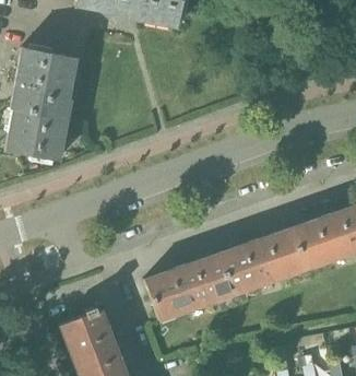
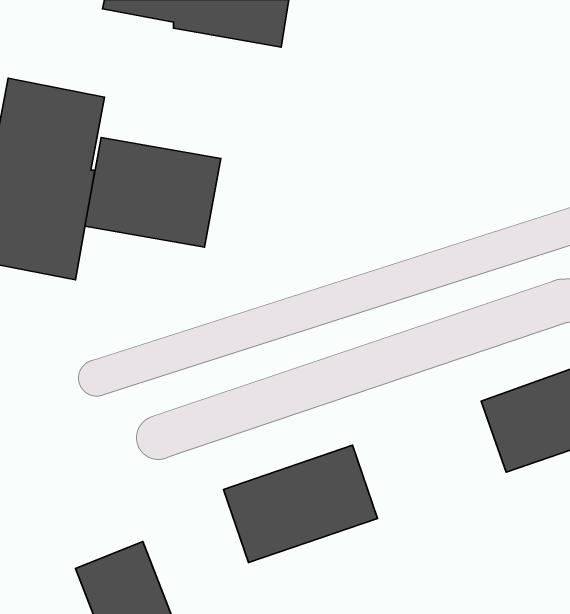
building: none -> [85,137,221,247]
building: [218,228,306,295] -> none

